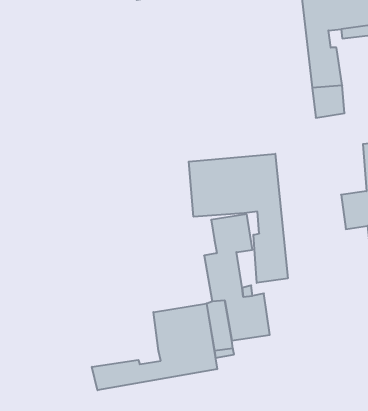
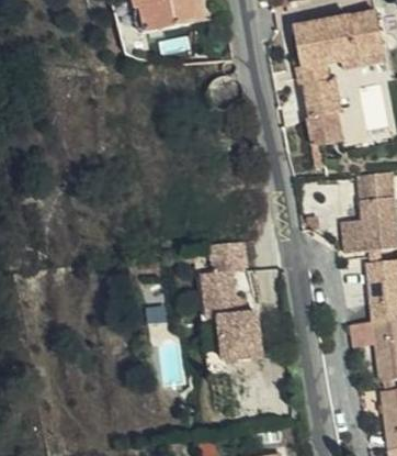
building: [189,154,288,283] -> none
building: [92,303,217,390] -> none

